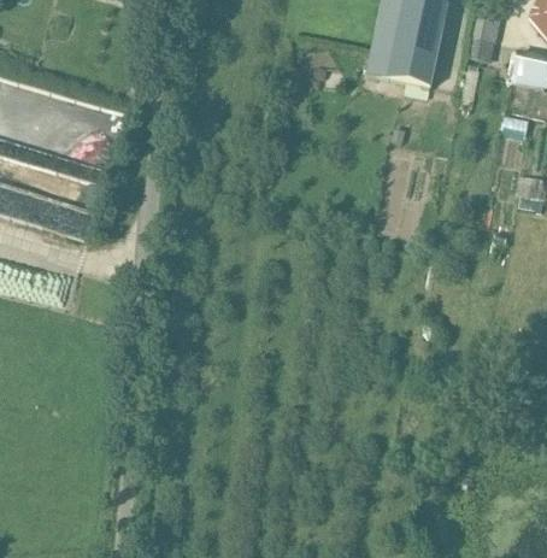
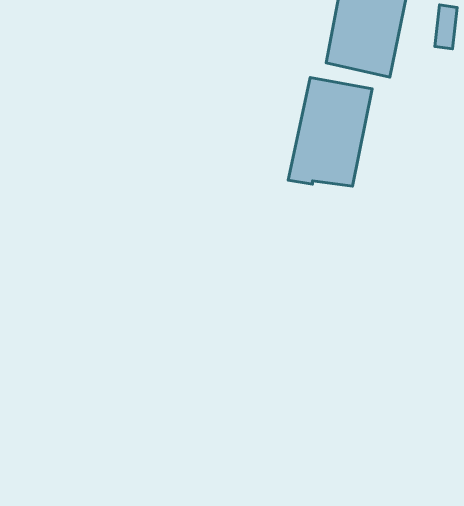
building: none -> [288,78,372,186]

